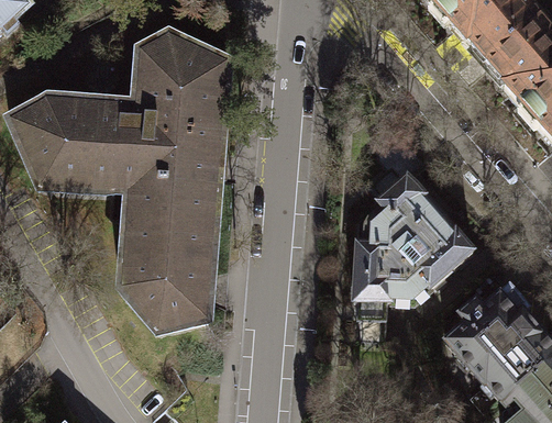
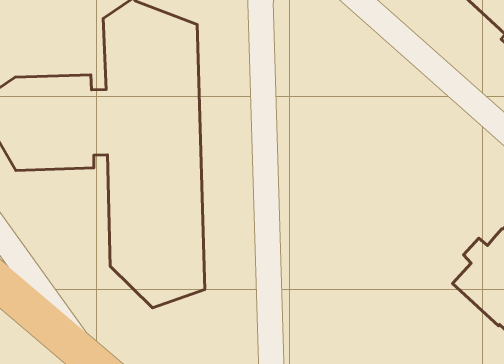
building: [355,165,474,302] -> none

